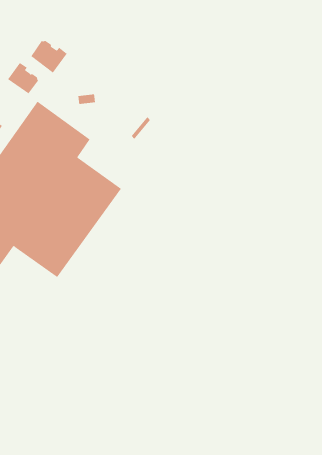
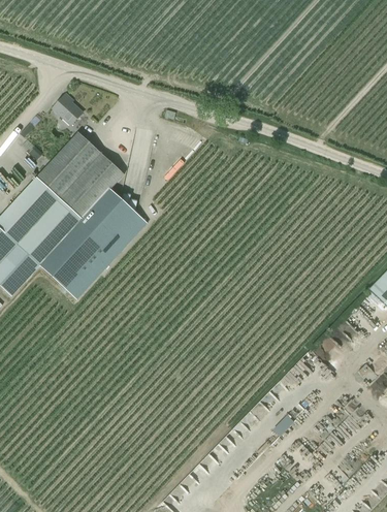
building: [31,40,67,74] -> none

